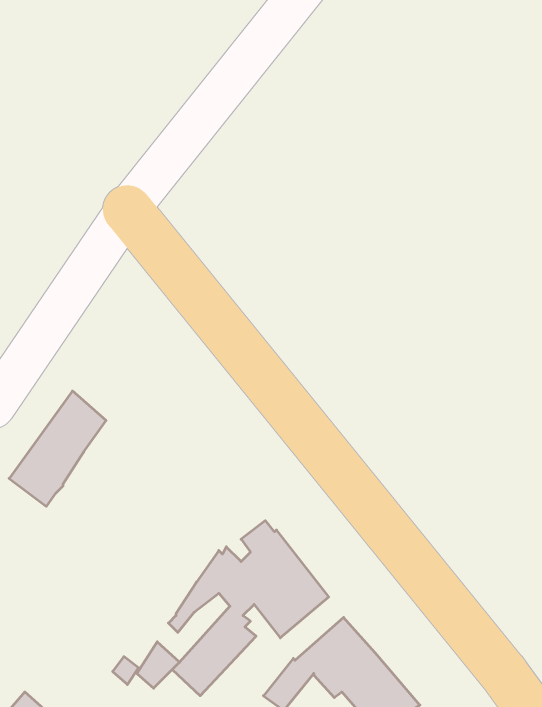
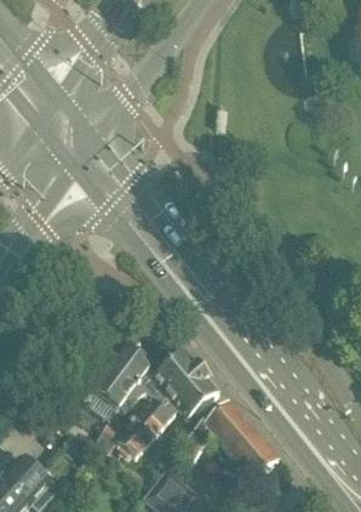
building: [9,391,106,506] -> [86,342,149,417]

